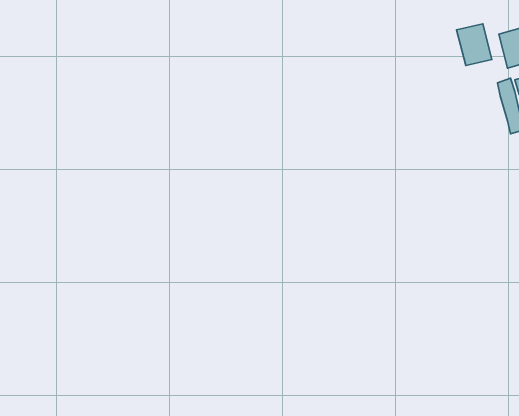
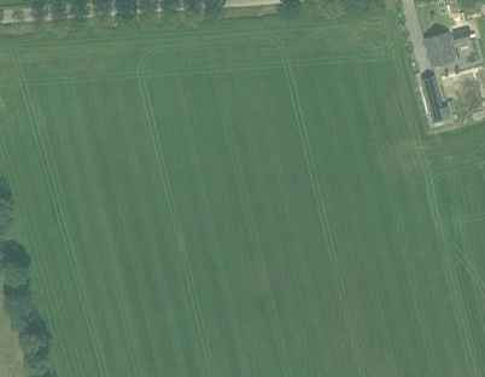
building: [456,24,492,65] -> none

